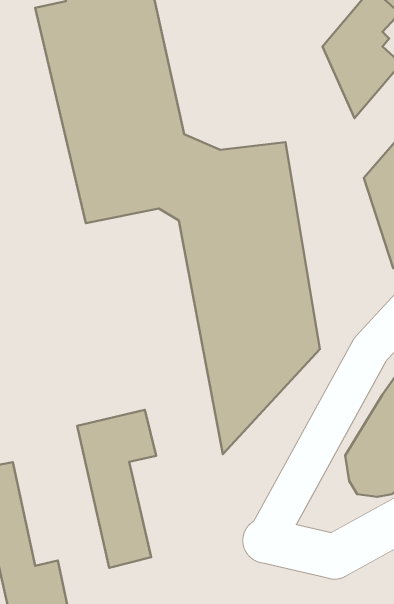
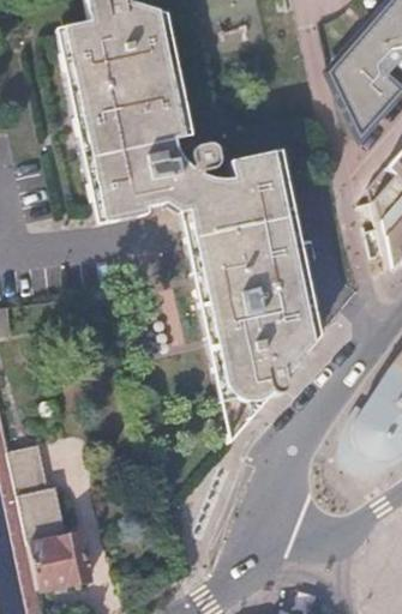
building: [77,410,156,568] -> none

